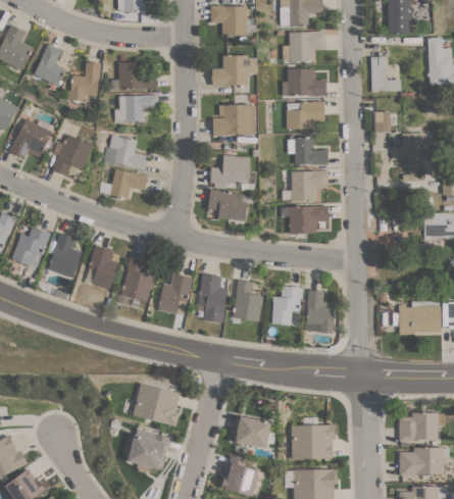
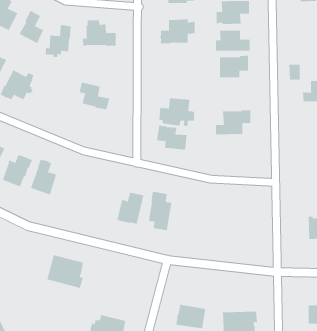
building: [370,56,401,92] -> none
building: [114,94,158,122] -> none
building: [212,104,256,135] -> none
building: [53,134,92,174] -> none
building: [288,137,327,164] -> none
building: [109,168,148,198] -> none
building: [290,205,329,233] -> none
building: [89,244,118,289] -> none
building: [121,257,154,301] -> none
building: [233,280,263,320] -> none
building: [271,286,302,325] -> none
building: [306,289,335,333] -> none
building: [133,383,180,426] -> [47,255,84,288]

